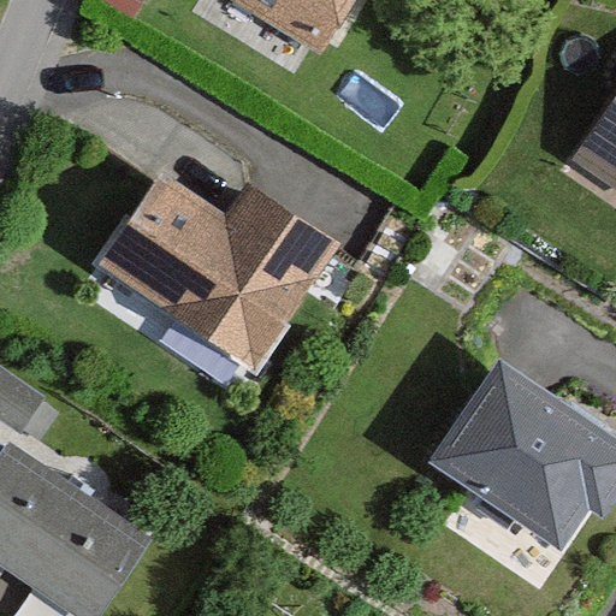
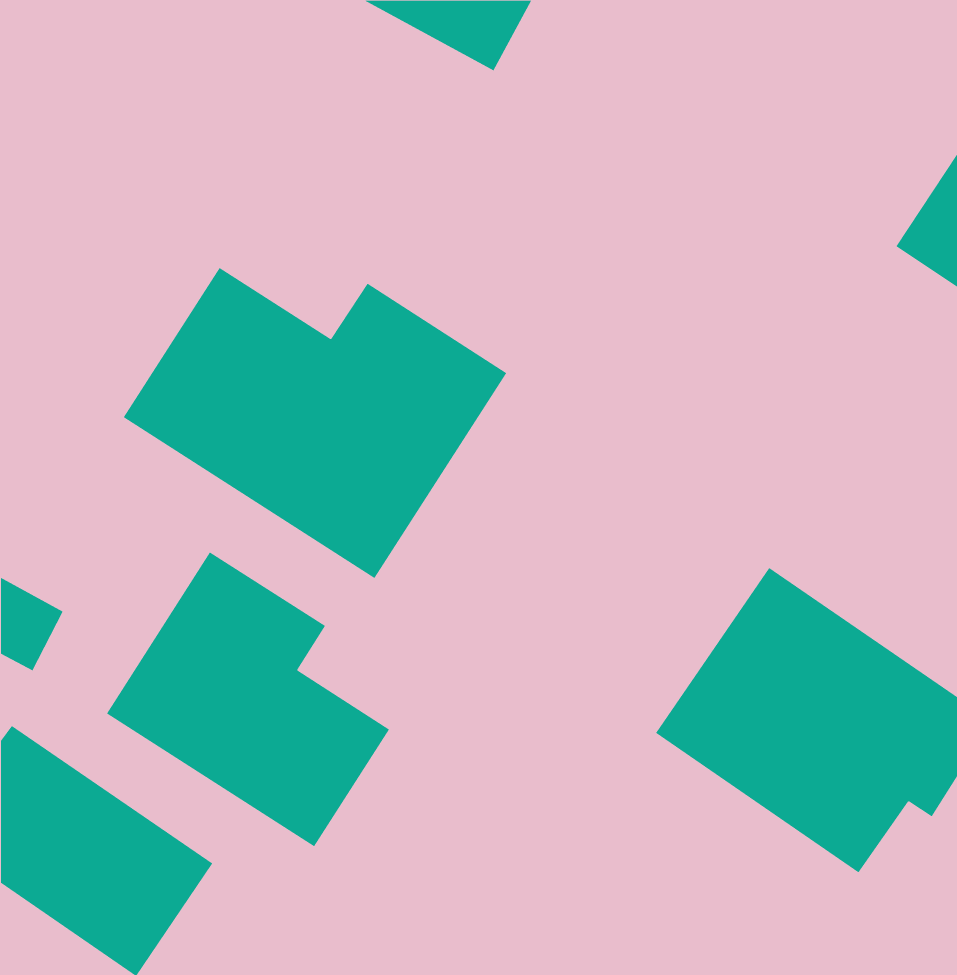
building: none -> [106,551,390,847]

